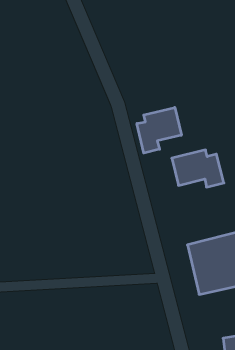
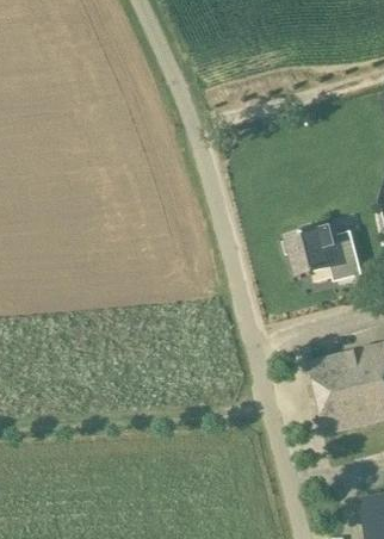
building: [137,107,181,153] -> none

